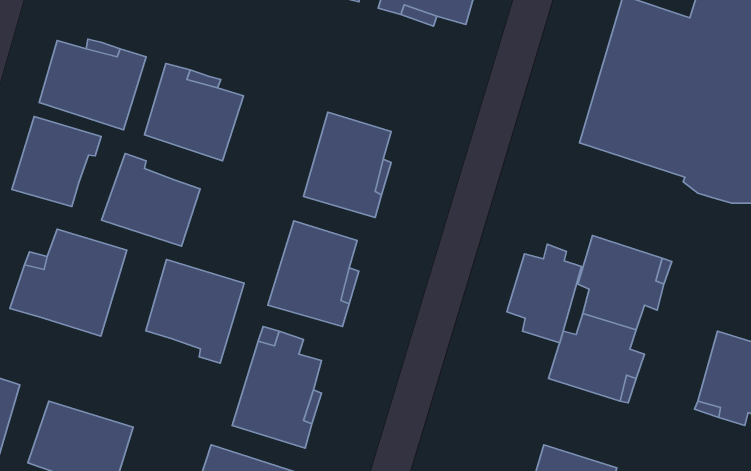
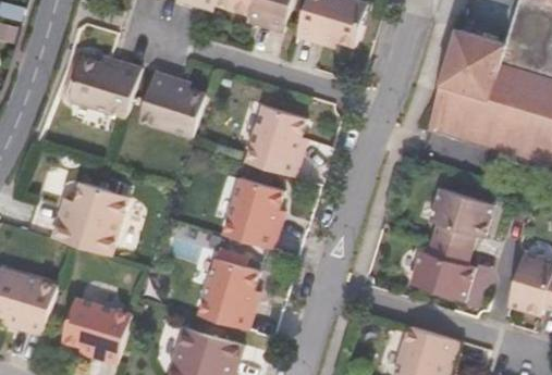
building: [12,116,101,207] -> none
building: [102,153,200,246] -> none
building: [507,244,582,343] -> none
building: [146,260,244,363] -> none

